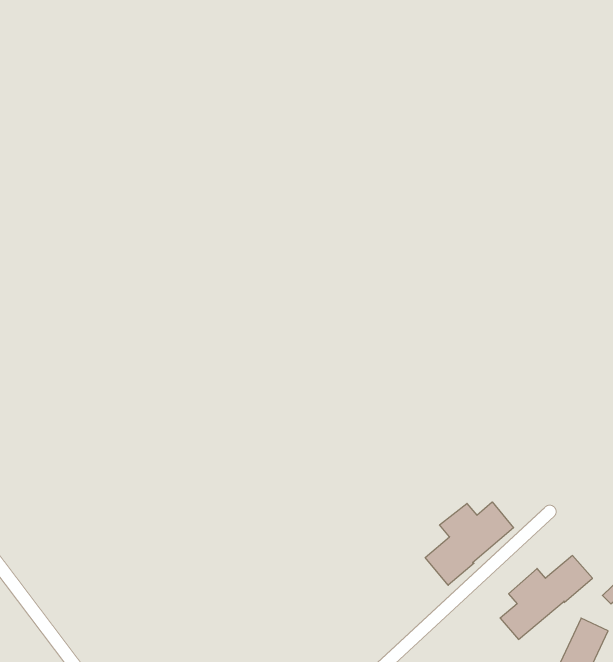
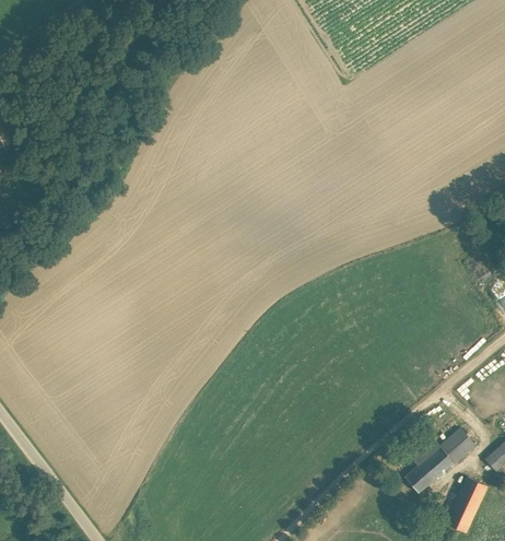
building: [425,502,514,585] -> none

